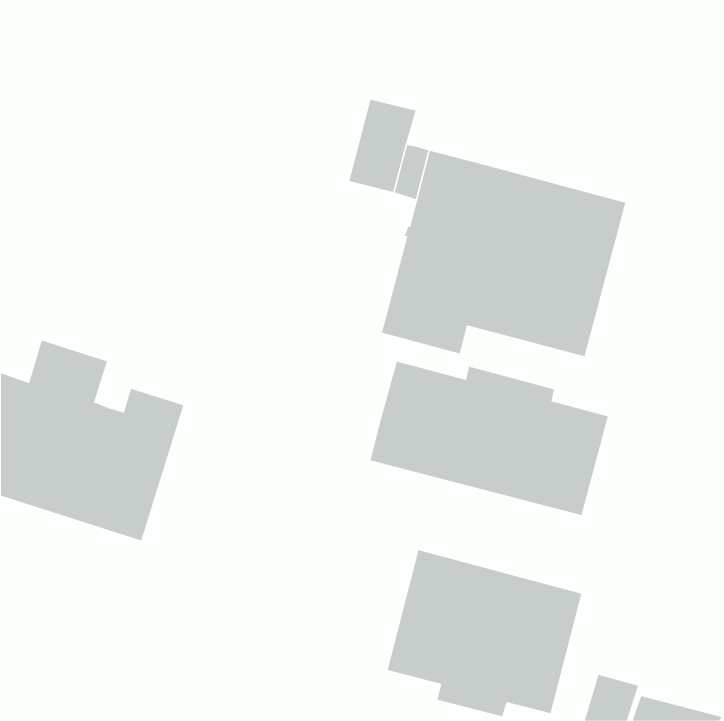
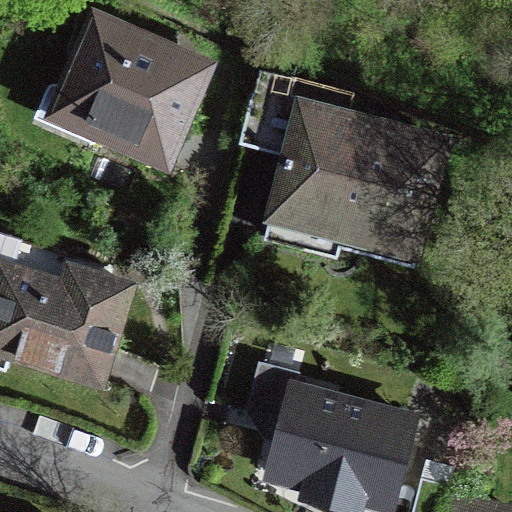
building: none -> [54,12,210,167]
building: [370,361,609,516] -> none

